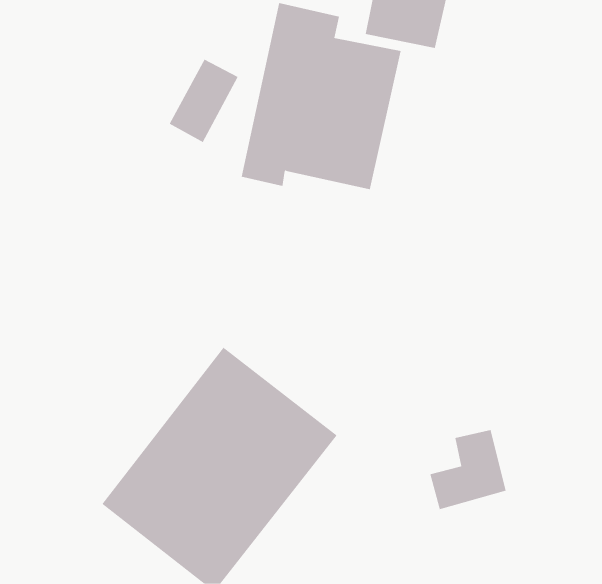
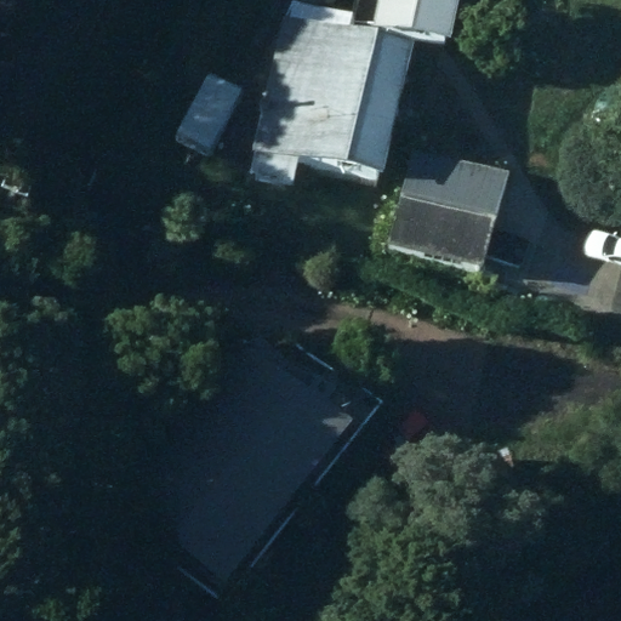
building: none -> [386,149,511,270]

